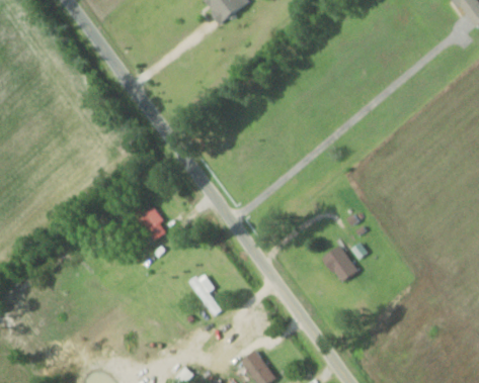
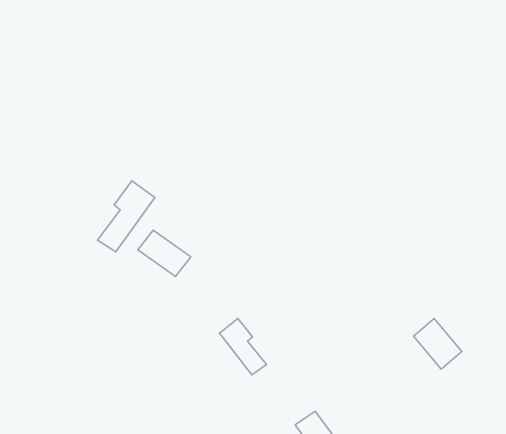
building: none -> [97,181,155,252]
building: [323,246,360,285] -> [414,319,462,369]

